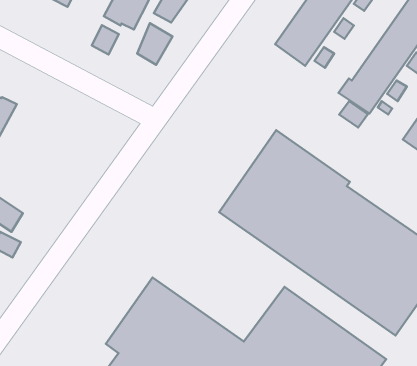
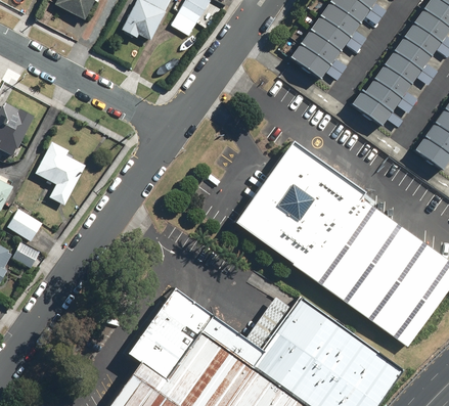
building: [137,23,172,65] -> none
building: [92,25,119,54] -> none
building: [339,101,368,128] -> none
building: none -> [34,141,84,205]

